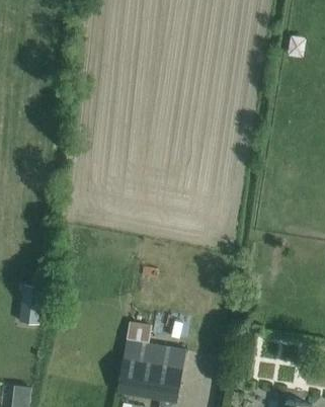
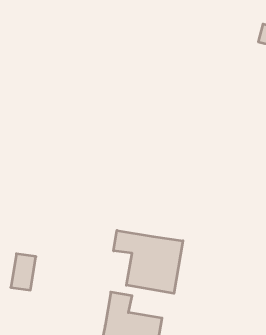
building: none -> [114,230,183,293]

